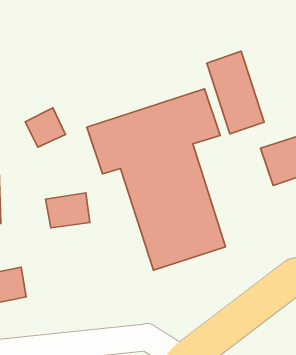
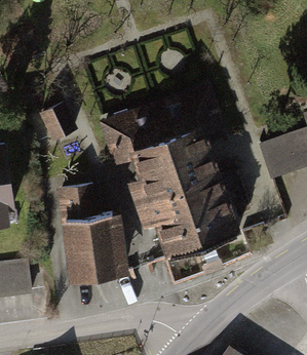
building: [207,51,264,134] -> none
building: none -> [55,218,126,284]

